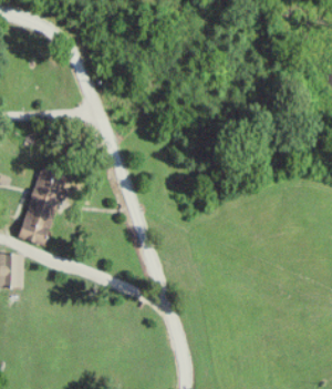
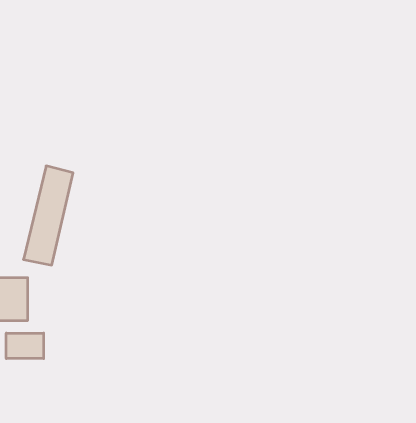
building: none -> [6,333,44,359]

